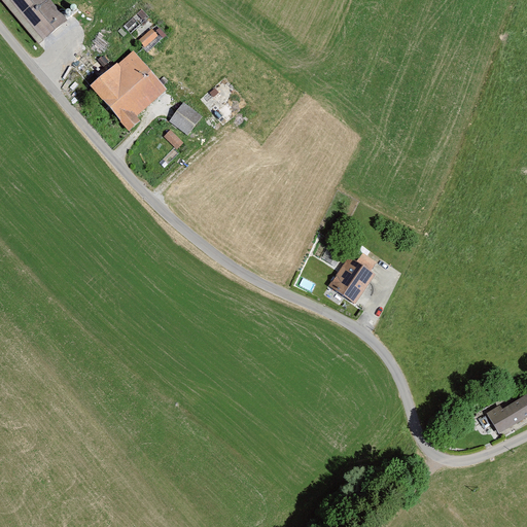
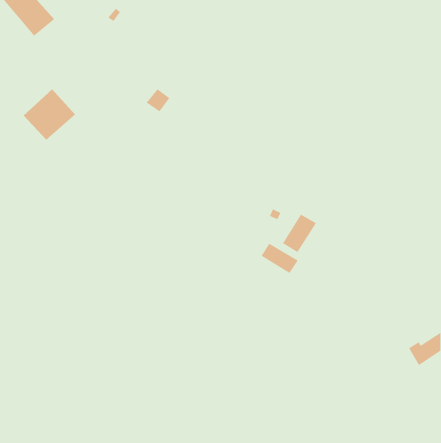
building: [96,59,159,120] -> [23,89,76,141]
building: none -> [261,243,298,274]

